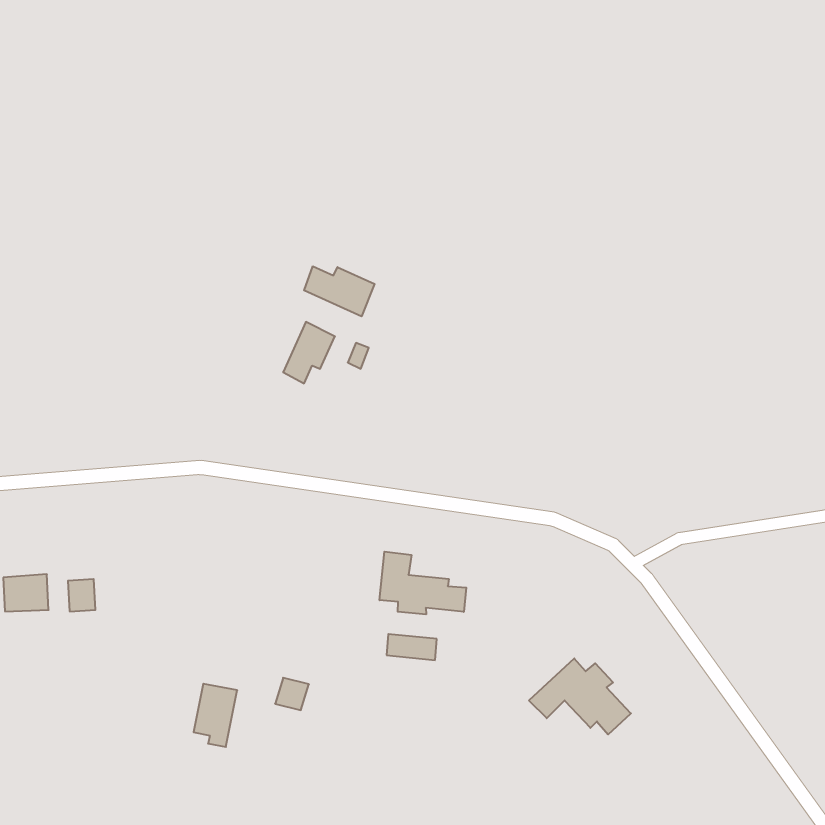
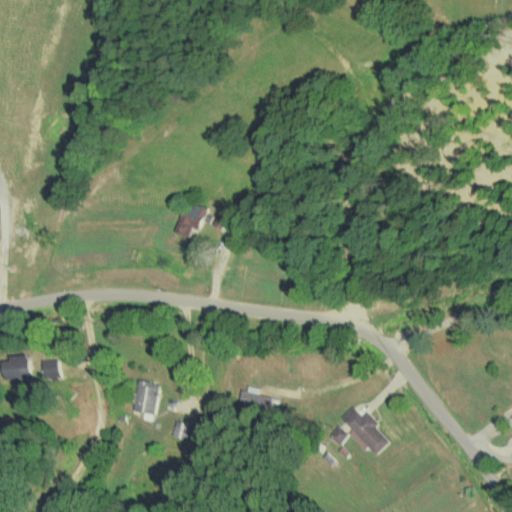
building: [304,266,375,316] -> none
building: [380,552,466,614] -> none
building: [194,684,237,747] -> [133,381,160,420]

